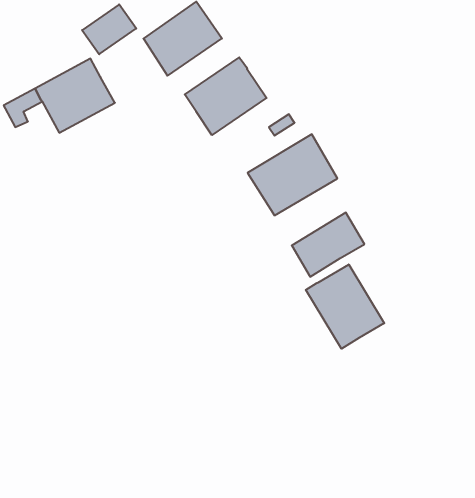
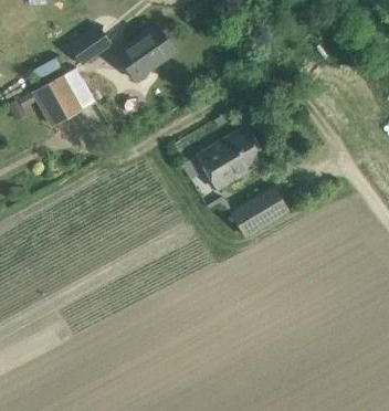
building: [185,57,267,135] -> none
building: [306,264,384,349] -> none

